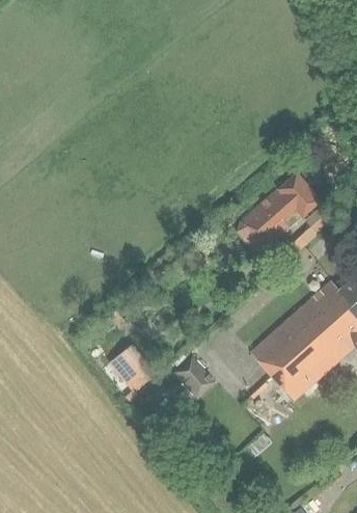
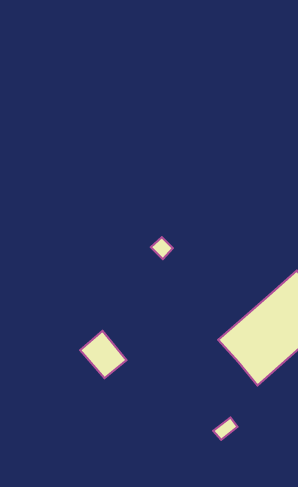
building: [239,174,319,243] -> none
building: [172,355,215,398] -> none

